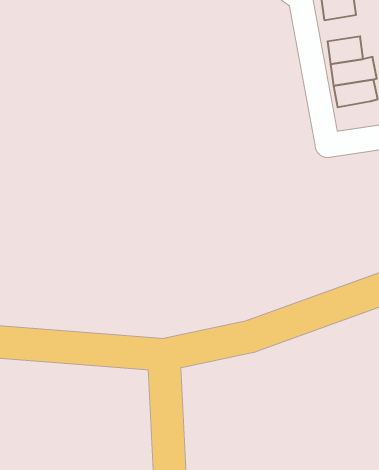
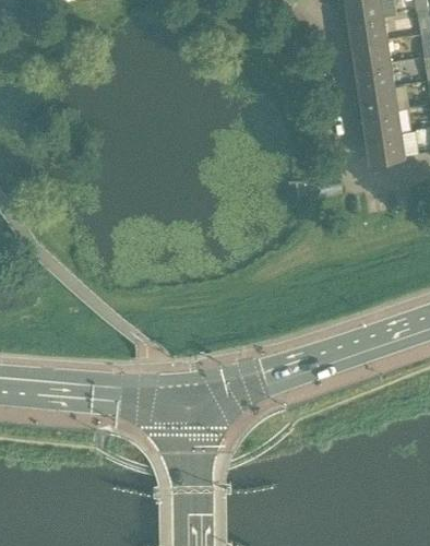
building: none -> [354,50,392,79]
building: none -> [368,142,406,173]

